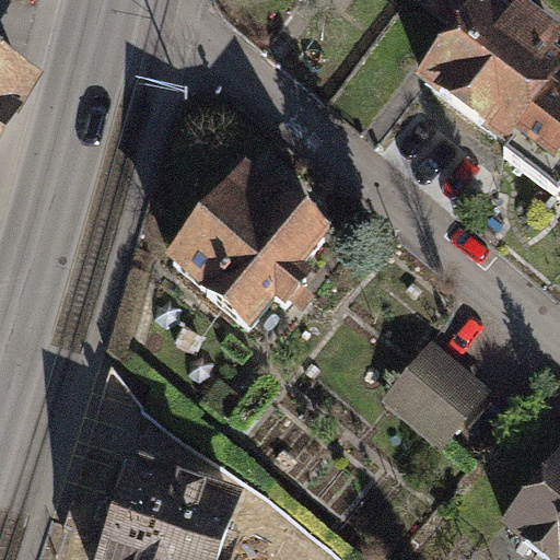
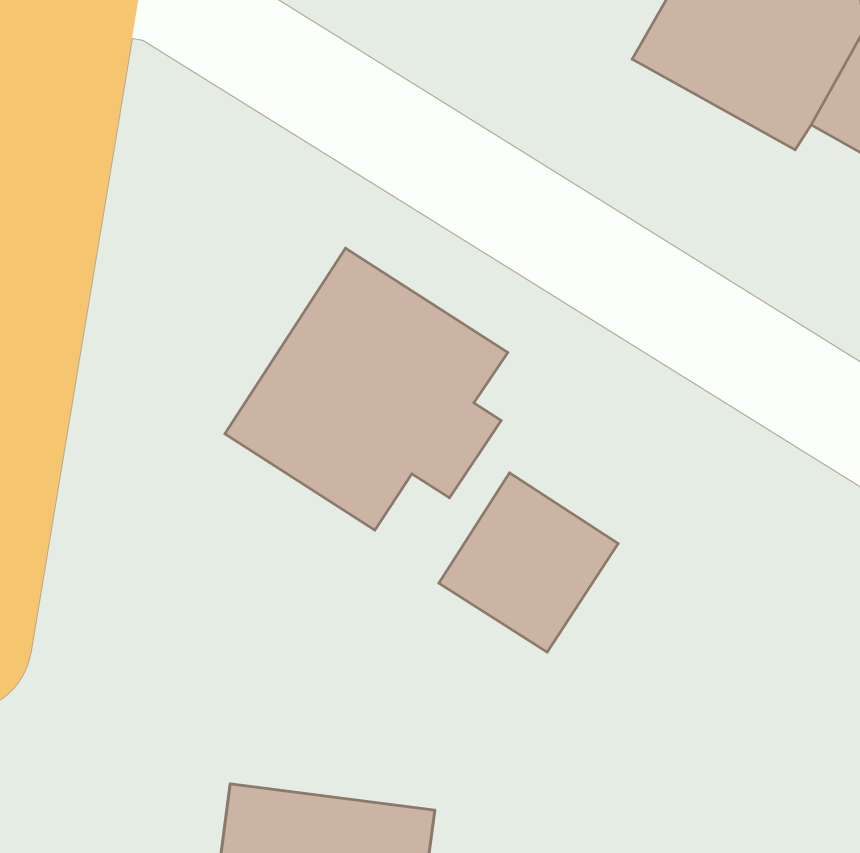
building: [384,336,489,441] -> [439,473,618,652]

